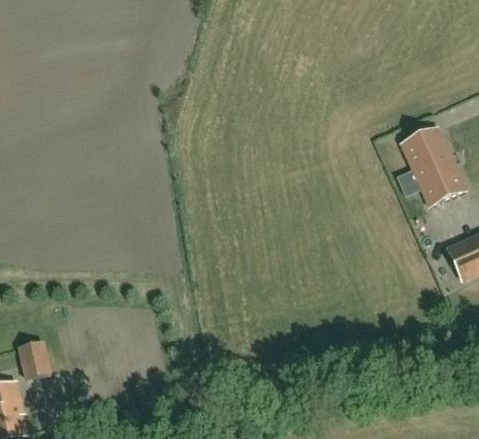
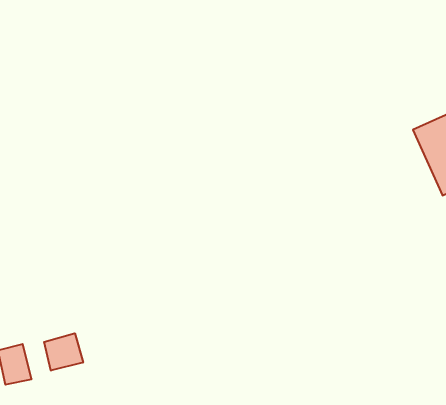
building: none -> [44,333,83,371]

